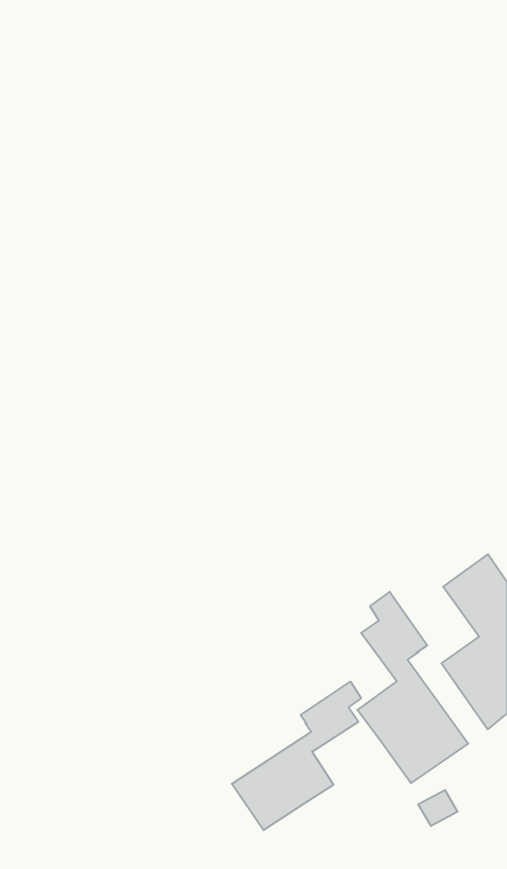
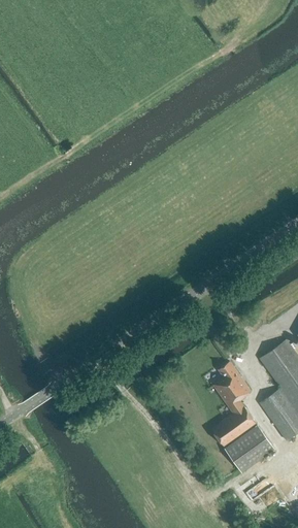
building: [232,682,361,830] -> none

